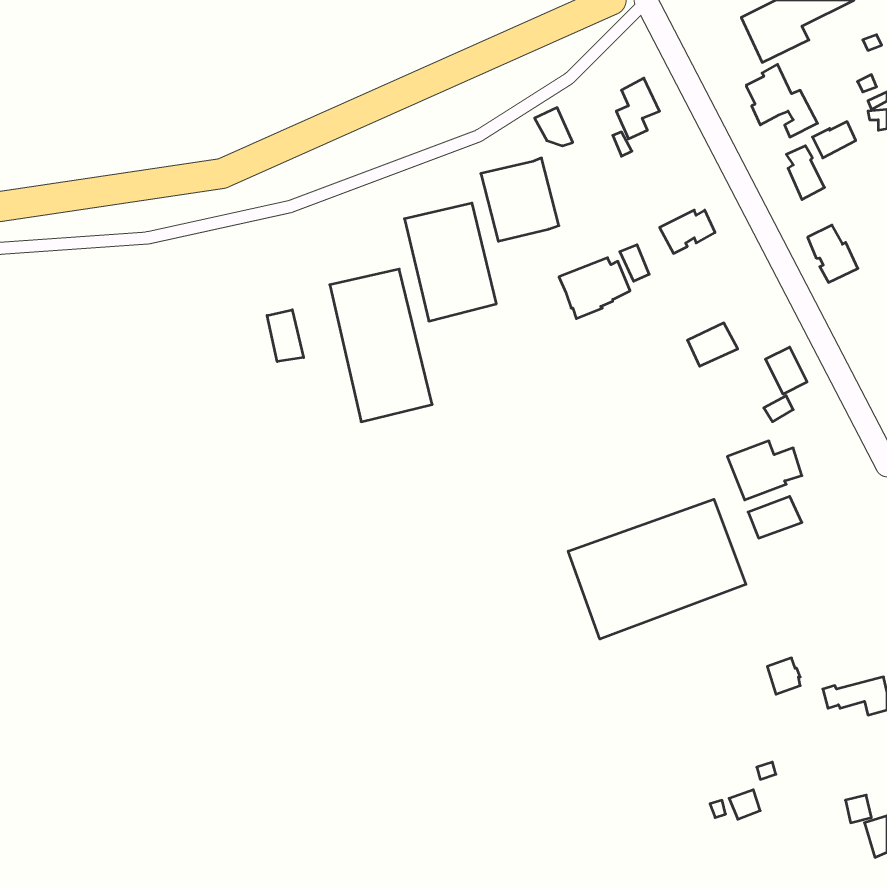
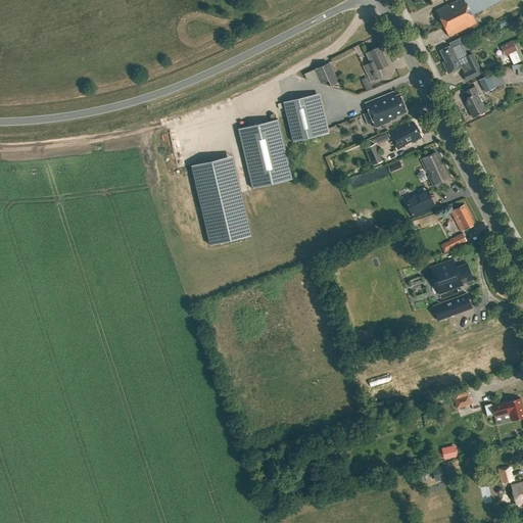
building: [808,225,858,282] -> [421,152,450,186]
building: [559,258,630,319] -> [365,92,407,128]
building: [267,310,304,362] -> none
building: [568,499,746,639] -> none

